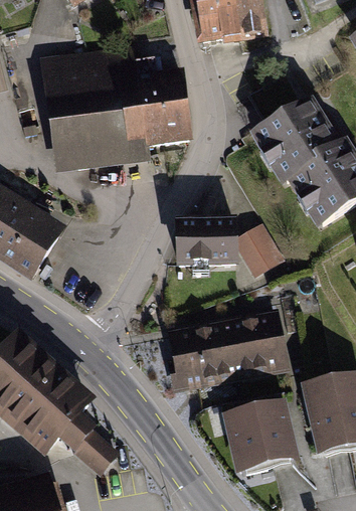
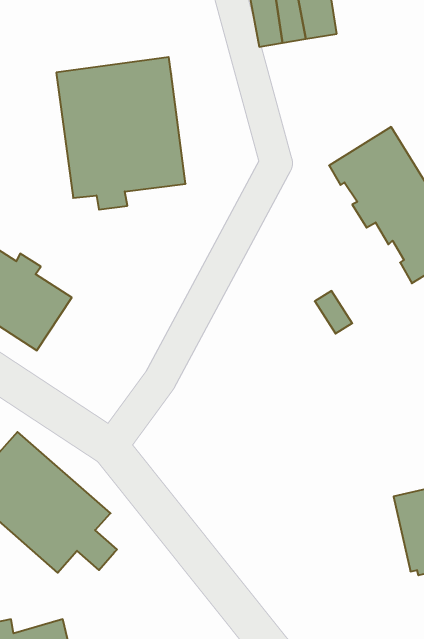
building: [135,57,189,146] -> none
building: [178,222,235,264] -> none
building: [171,317,282,386] -> none
building: [229,405,292,467] -> none
building: [75,433,116,472] -> none

